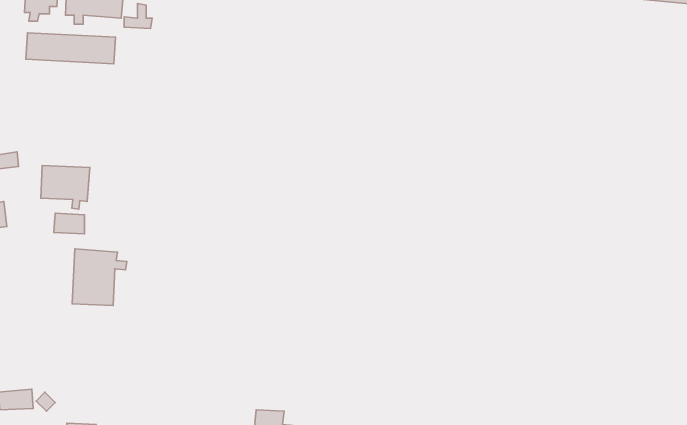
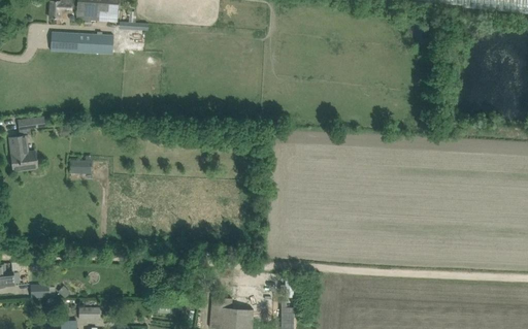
building: [41,165,90,209] -> none
building: [72,249,127,306] -> none

